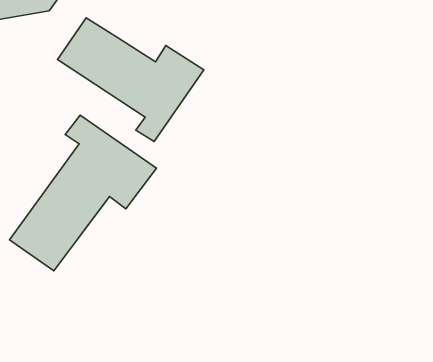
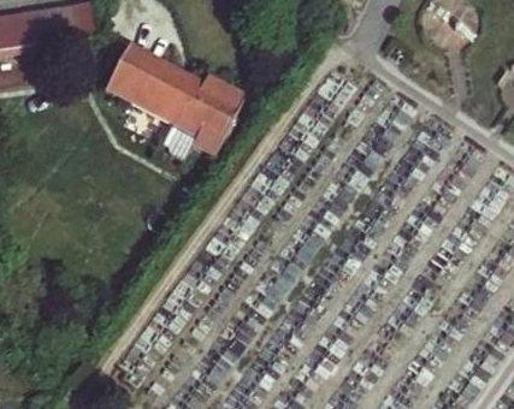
building: [9,115,157,271] -> none

